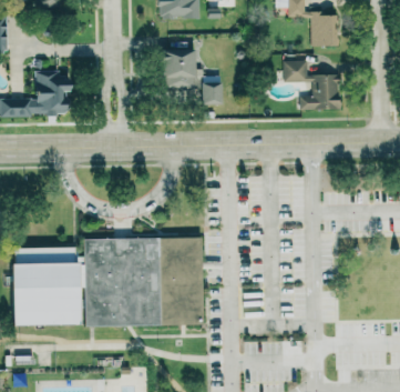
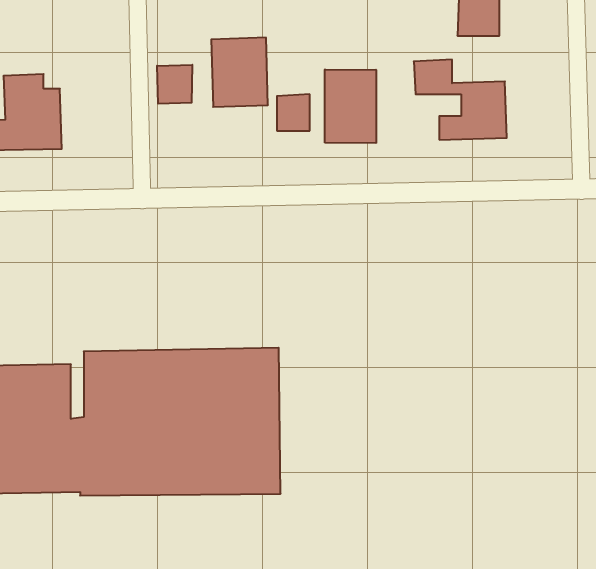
building: none -> [157,65,192,104]
building: none -> [325,69,376,143]

